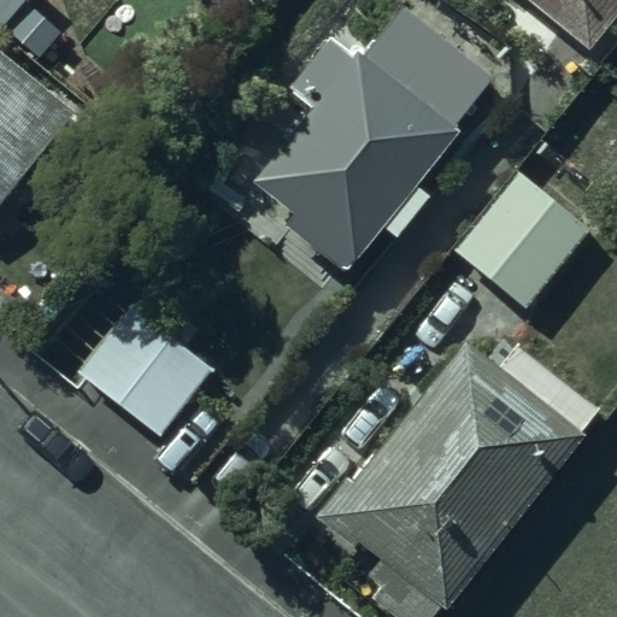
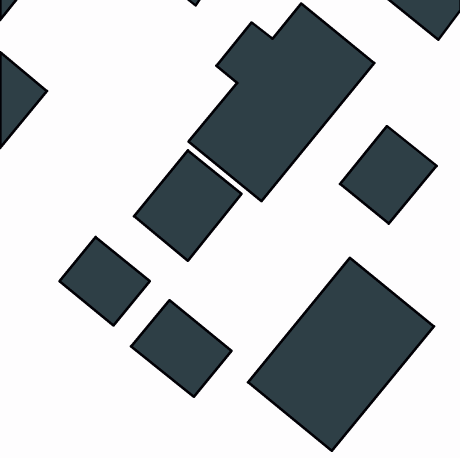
building: none -> [134,150,241,261]
building: none -> [131,300,231,397]

